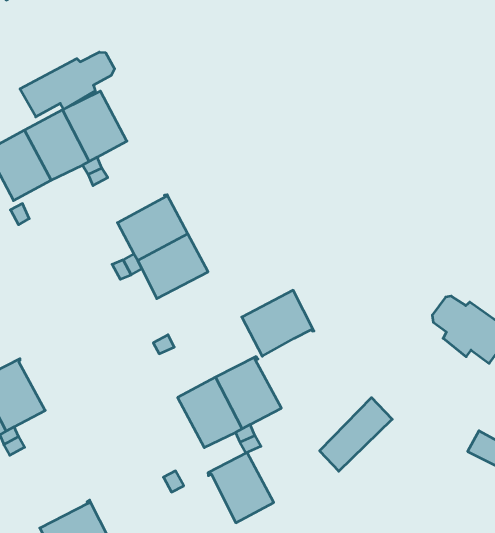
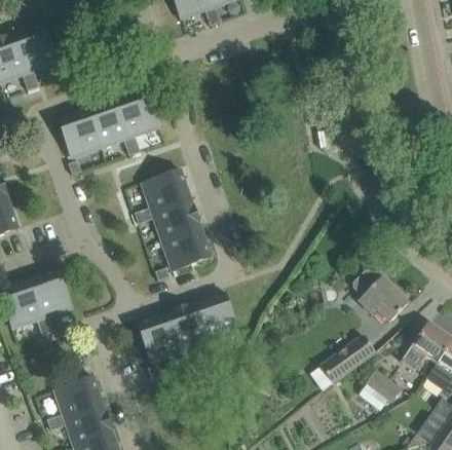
building: [20,52,115,117] -> none
building: [242,290,314,356] -> [162,229,212,272]
building: [320,398,392,471] -> [322,336,376,384]
building: [208,452,274,523] -> [137,314,180,363]

